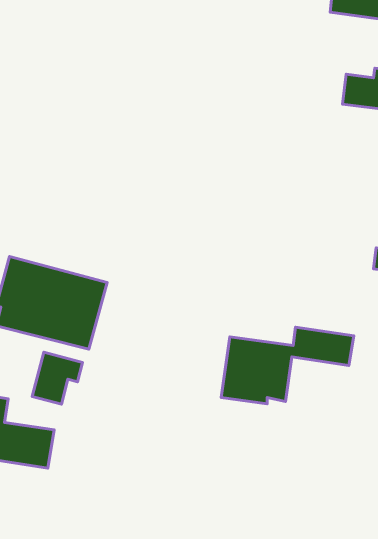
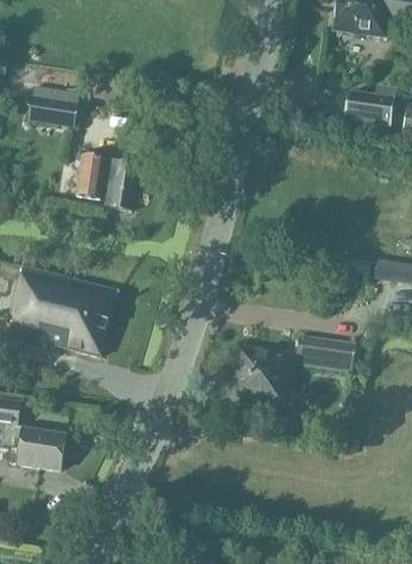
building: none -> [27,85,80,125]
building: none -> [75,152,139,210]
building: [32,352,83,404] -> none

